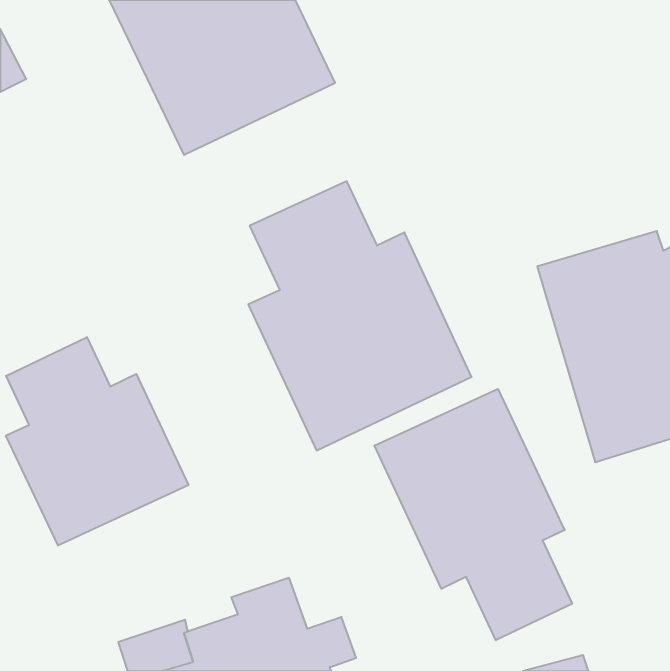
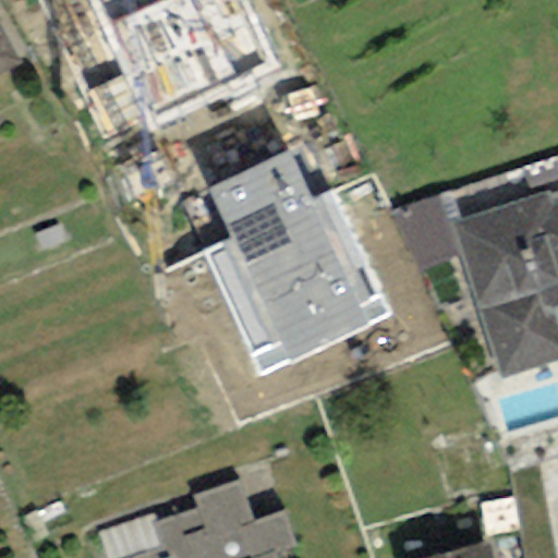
building: [6,337,188,546] -> none
building: [374,389,572,640] -> none

